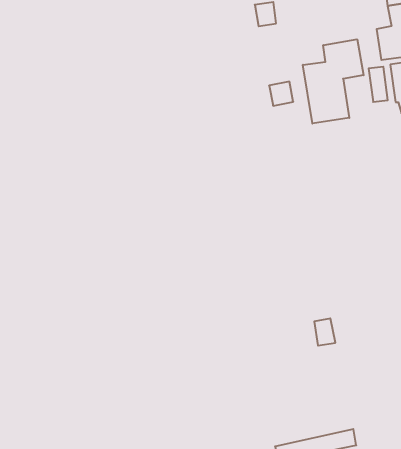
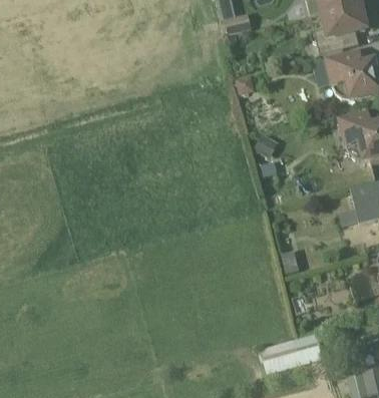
building: [303,39,364,124] -> none

